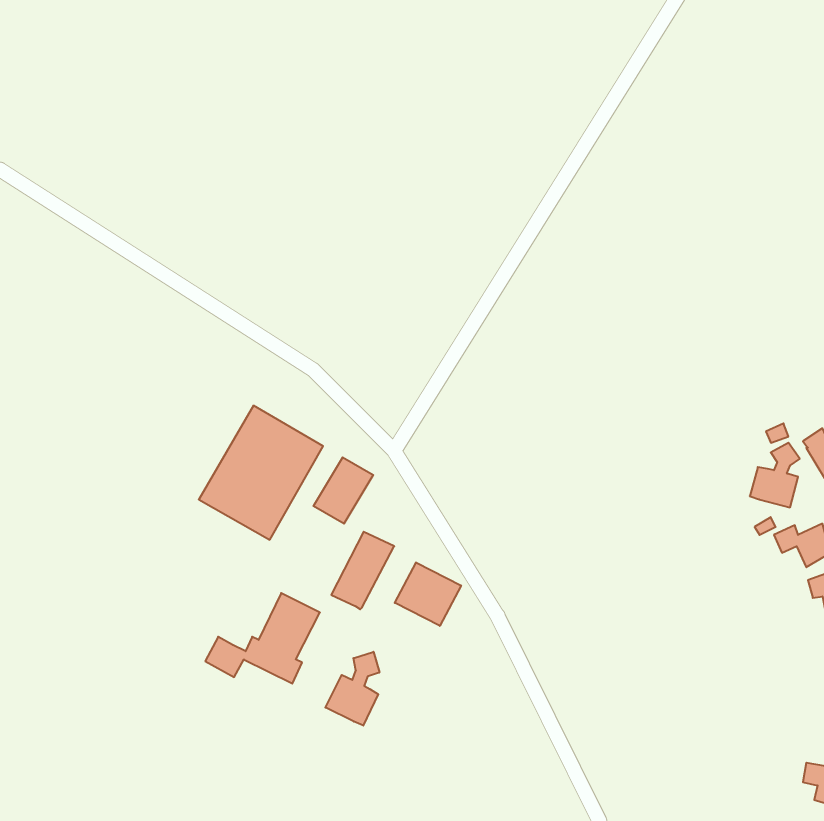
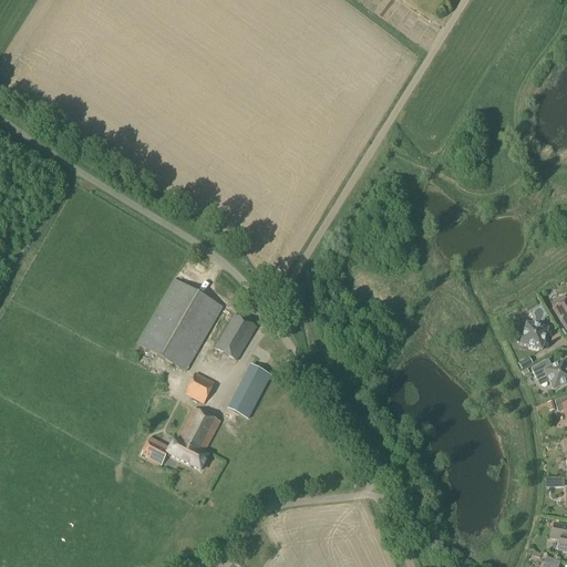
building: none -> [186,372,215,402]
building: [395,562,461,626] -> none
building: [325,652,379,726] -> none

